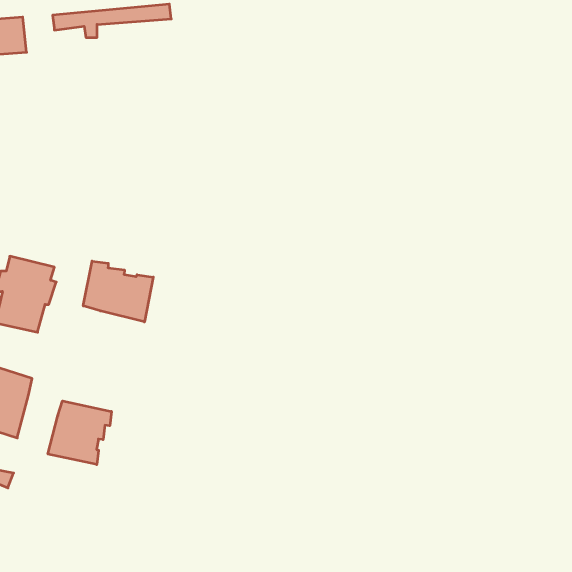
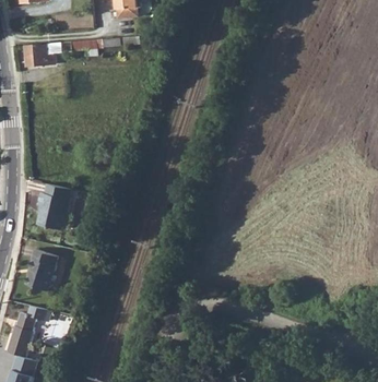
building: [83,261,153,322] -> none
building: [48,401,111,465] -> none

